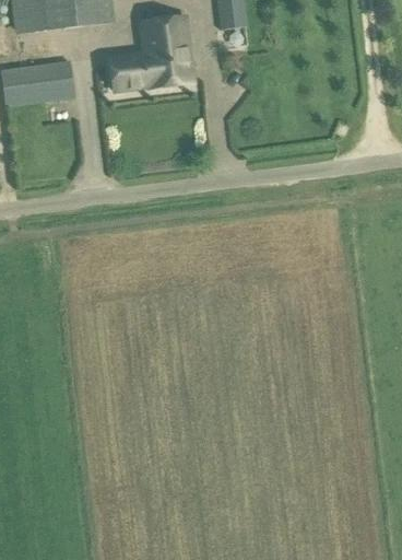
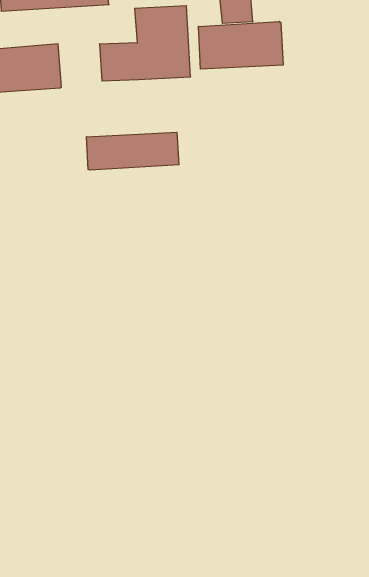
building: none -> [198,21,283,69]
building: none -> [86,132,179,170]

